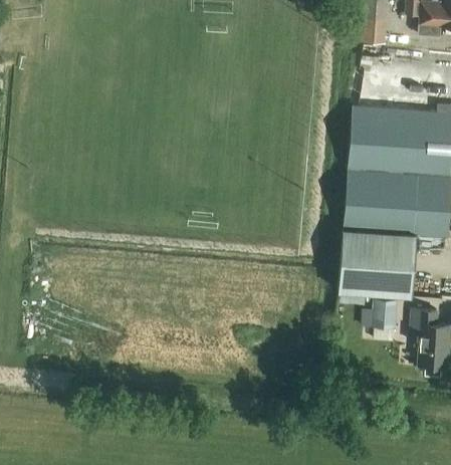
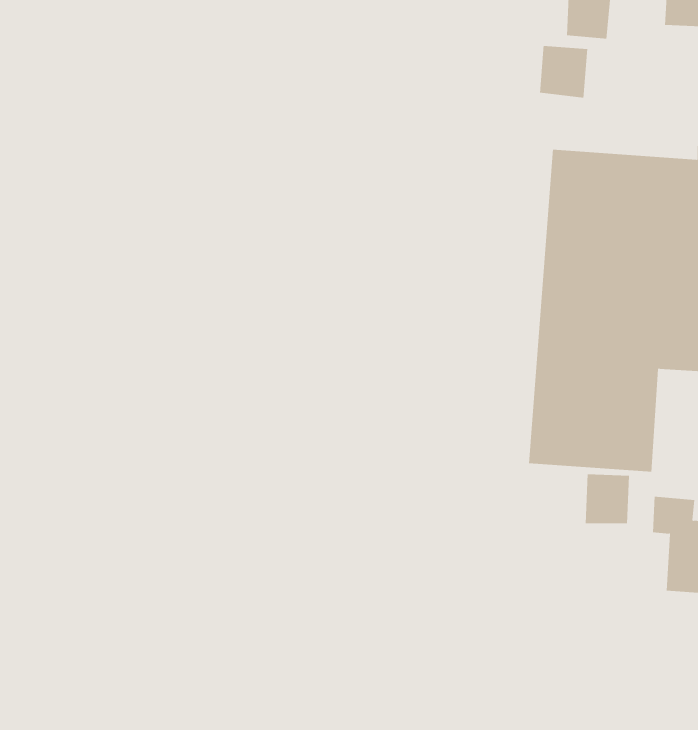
building: none -> [539,45,588,98]

